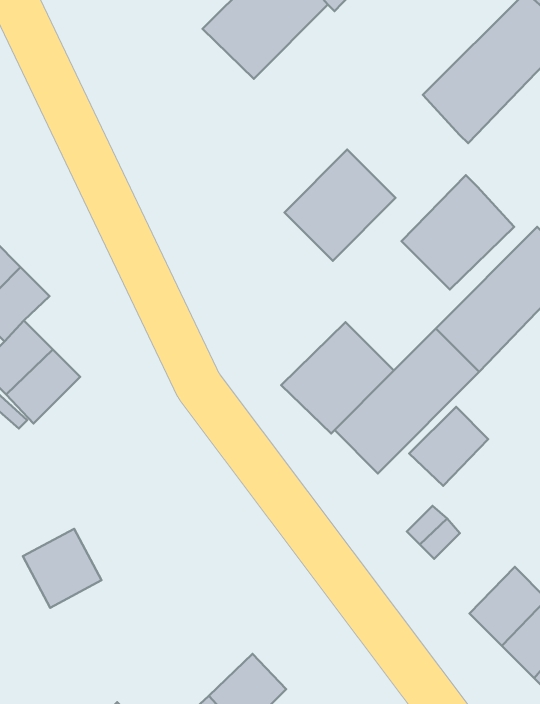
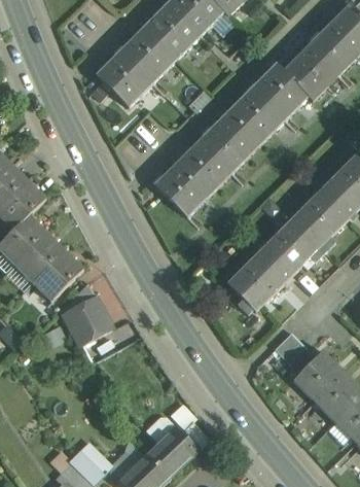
building: none -> [96,27,176,106]
building: [402,175,514,290] -> [236,62,308,135]
building: [281,322,394,433] -> [154,144,226,215]
building: none -> [35,249,84,298]
building: [409,407,488,486] -> [292,350,343,401]
building: [23,529,102,608] -> [62,294,112,345]

